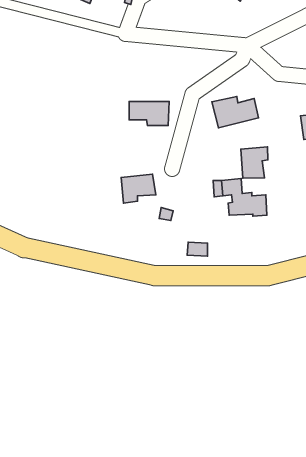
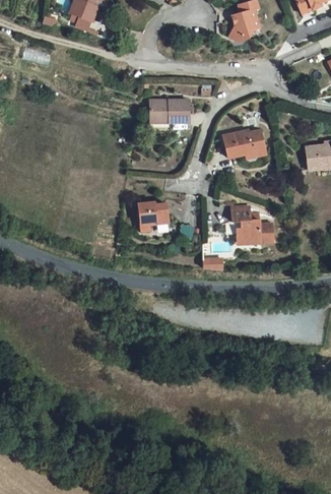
building: [129,102,169,125] -> [150,99,188,121]
building: [241,147,268,178] -> none

